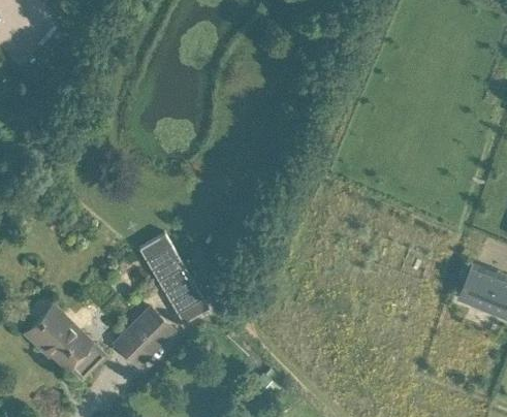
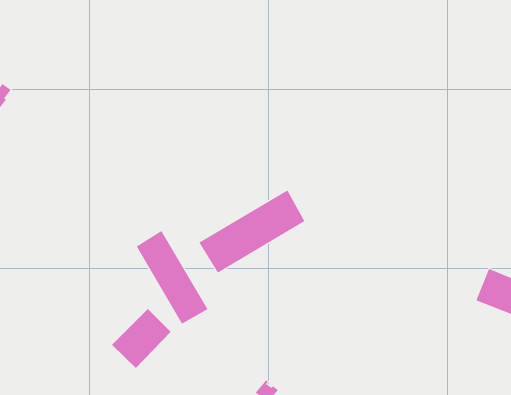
building: none -> [198,190,305,274]
building: [26,309,104,378] -> none

